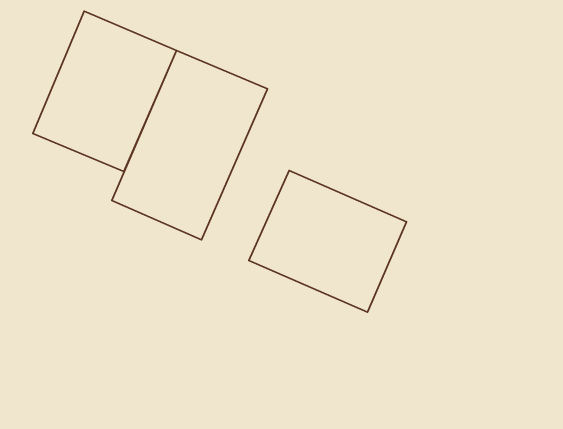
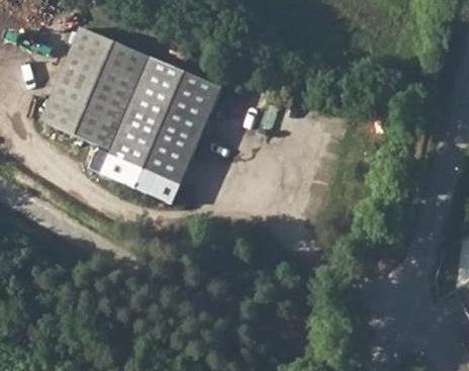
building: [249,170,406,312] -> none

